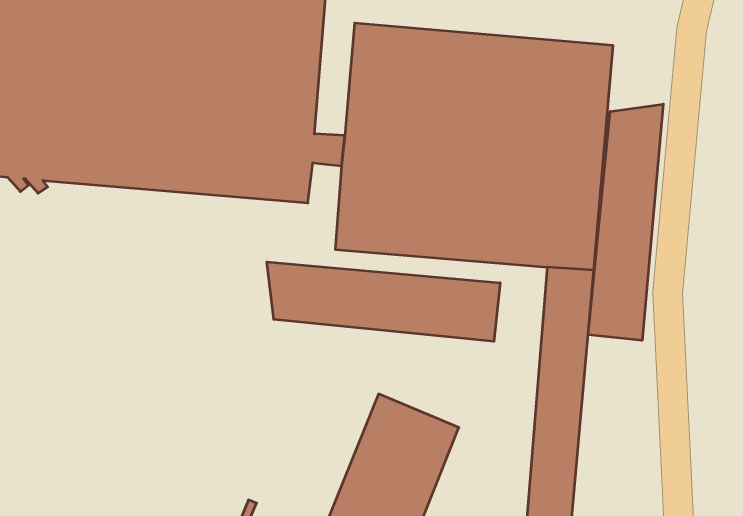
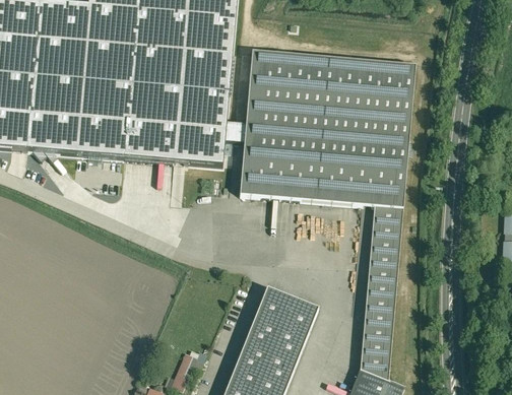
building: [588,104,663,340] -> none
building: [267,262,500,341] -> none

